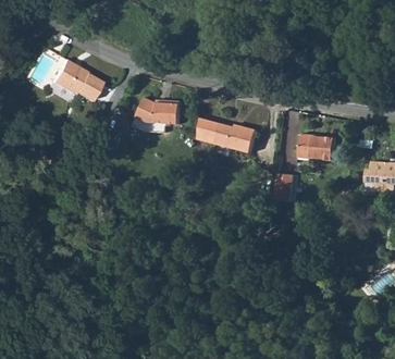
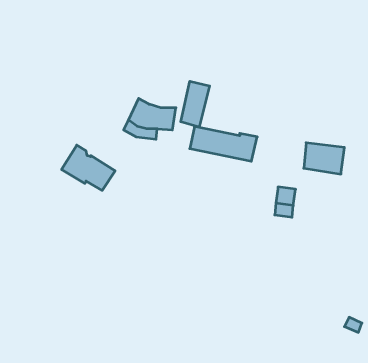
building: [51,57,101,99] -> [62,145,115,190]
building: none -> [181,81,210,127]

